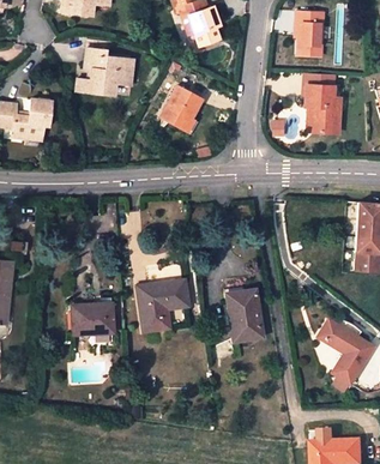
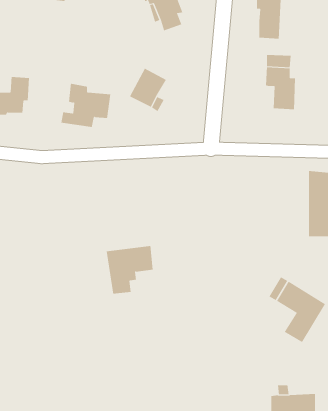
building: [73,48,128,96] -> [60,83,111,127]
building: [223,287,261,343] -> none
building: [70,306,113,336] -> none

